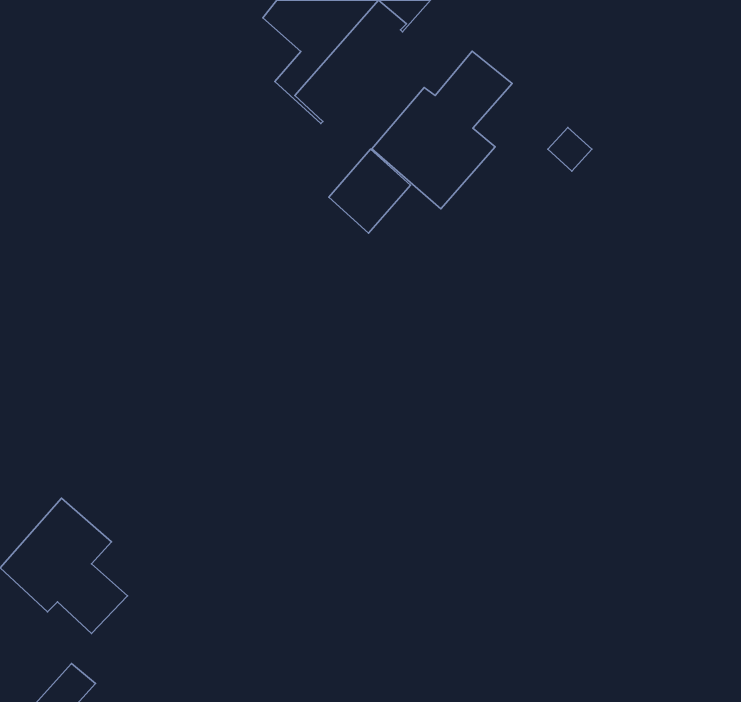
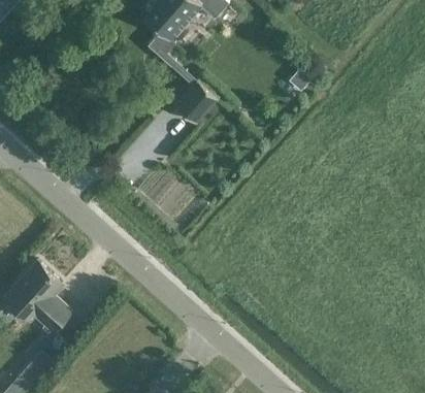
building: [372,51,512,209] -> none

